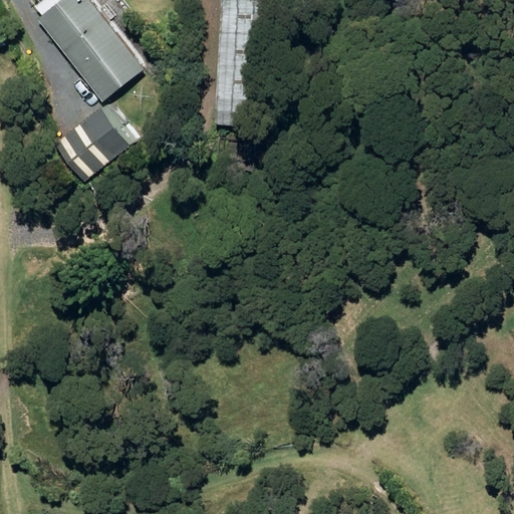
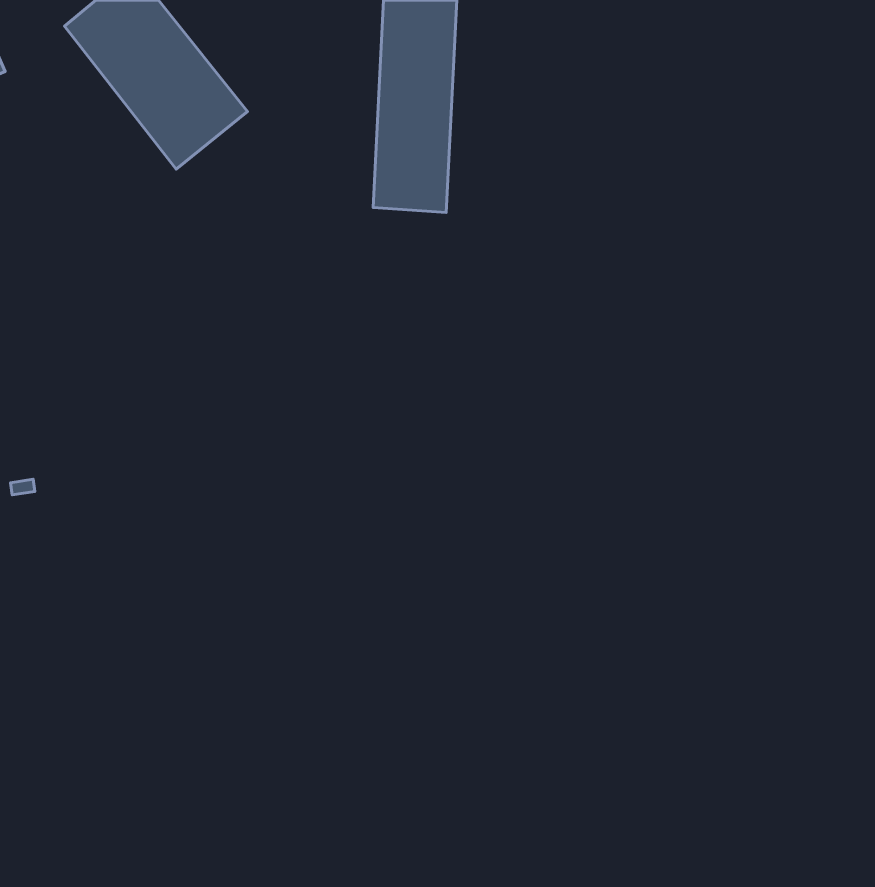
building: [50,108,126,184] -> none

